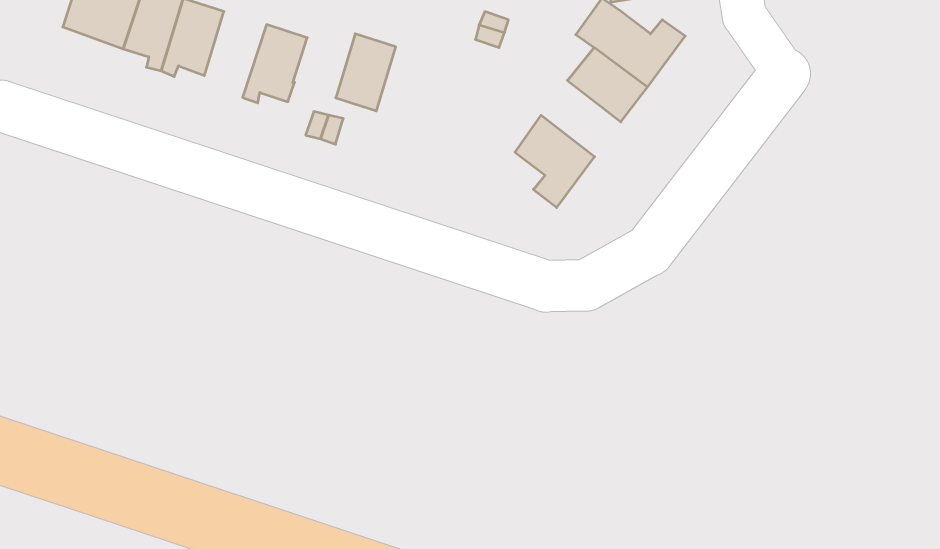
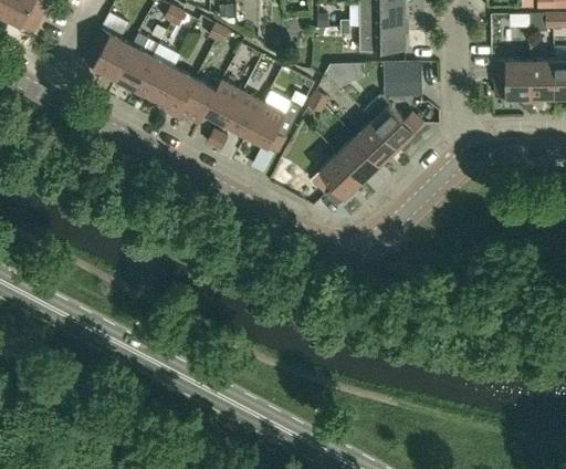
building: none -> [156,67,195,116]
building: none -> [203,80,242,125]
building: none -> [247,103,285,153]
building: none -> [336,137,379,181]

